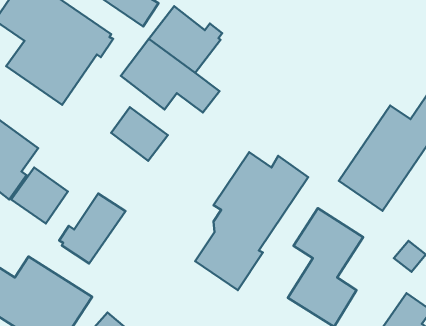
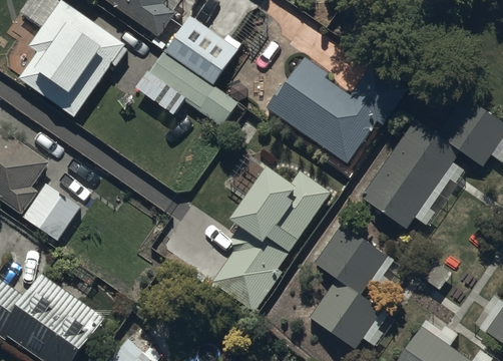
building: none -> [268,56,407,163]
building: [111,107,168,161] -> none
building: [59,193,126,263] -> none

